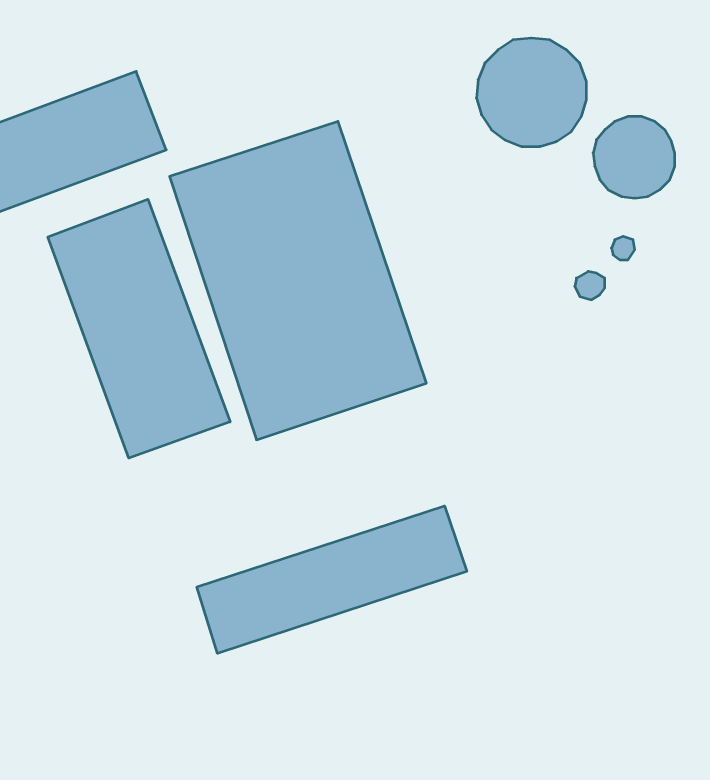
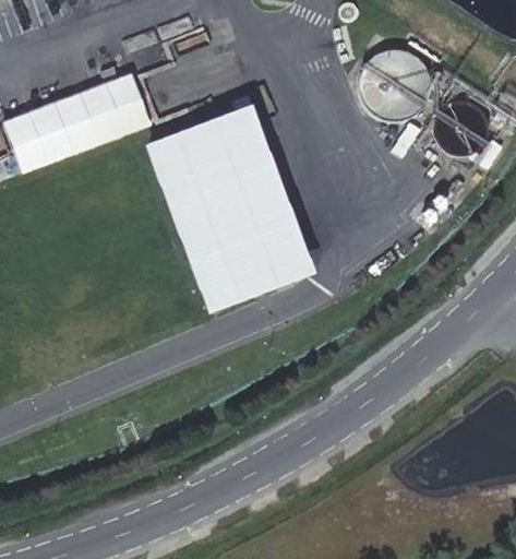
building: [48,199,230,458] -> none
building: [197,506,467,653] -> none

